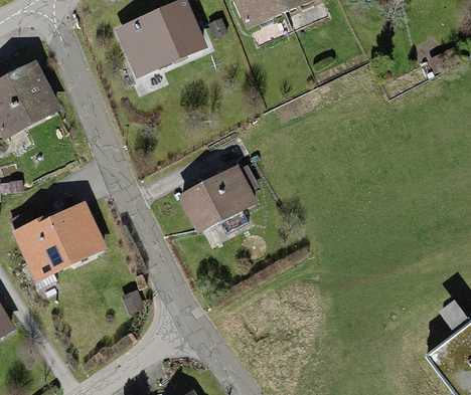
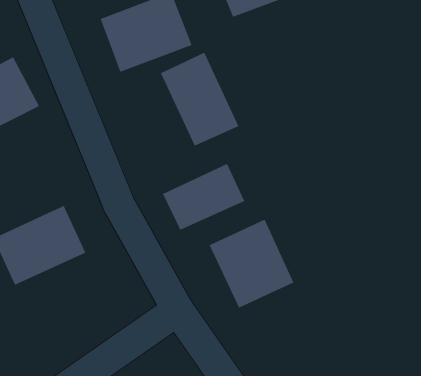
building: none -> [160,52,239,147]
building: none -> [209,219,294,308]

